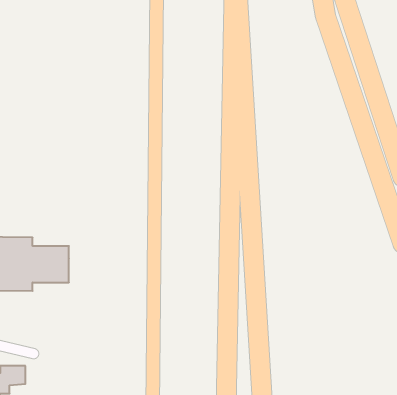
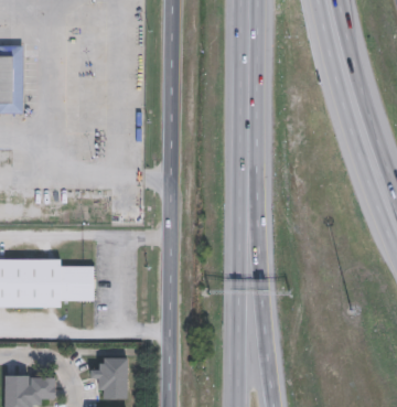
building: none -> [92,355,128,396]

